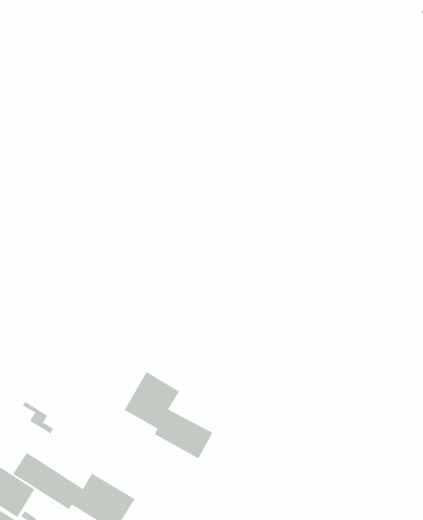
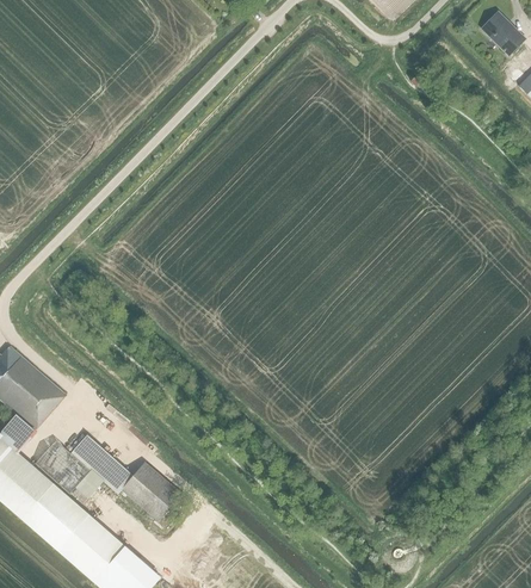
building: [124,371,213,459] -> none

